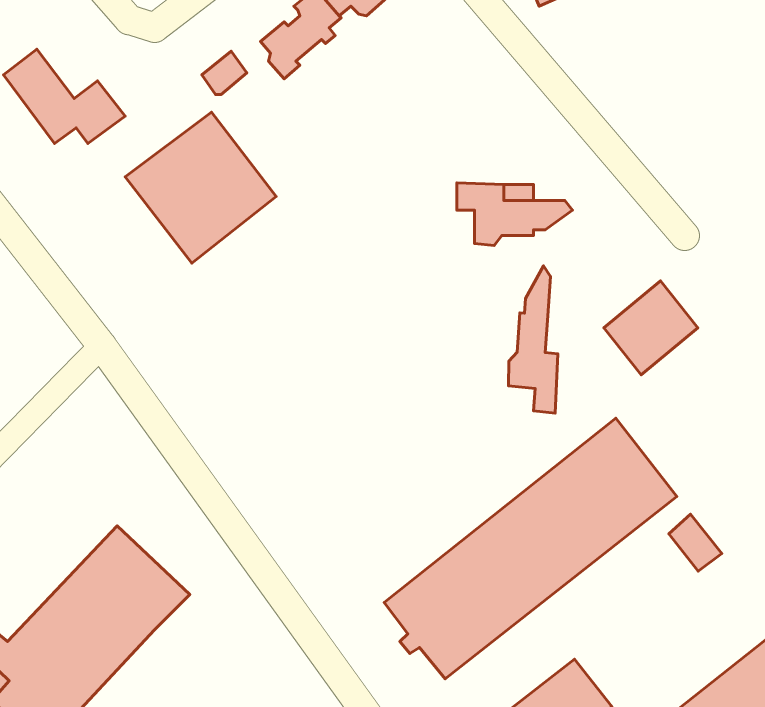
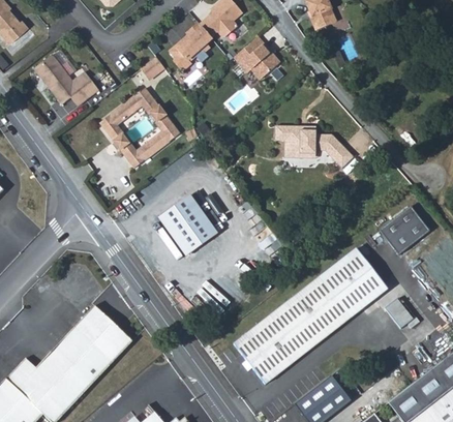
building: none -> [234,35,279,78]
building: none -> [320,139,351,167]
building: [509,266,558,413] -> none
building: [604,281,698,375] -> [380,206,429,255]
building: none -> [156,194,215,257]

